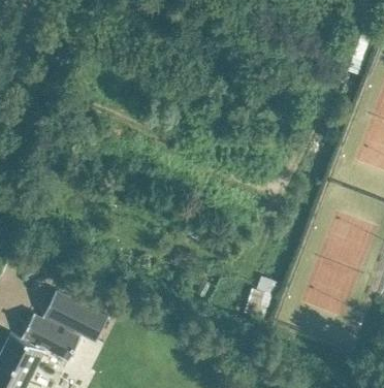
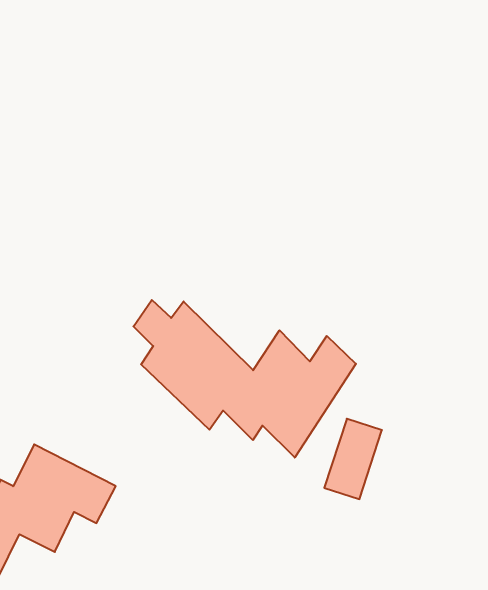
building: none -> [133,300,356,458]

